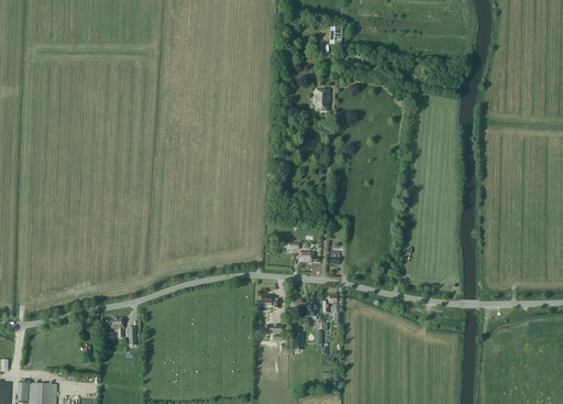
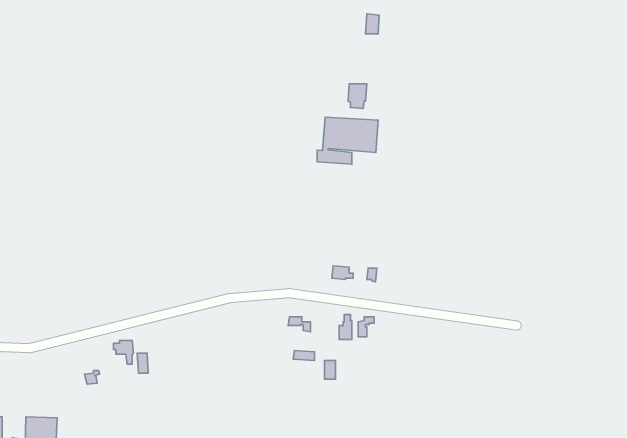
building: none -> [317,117,378,164]

